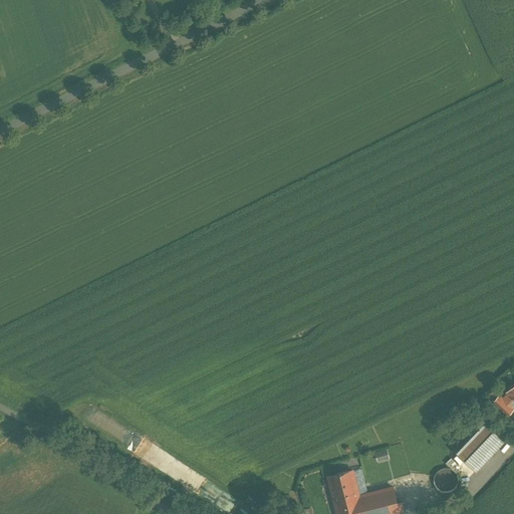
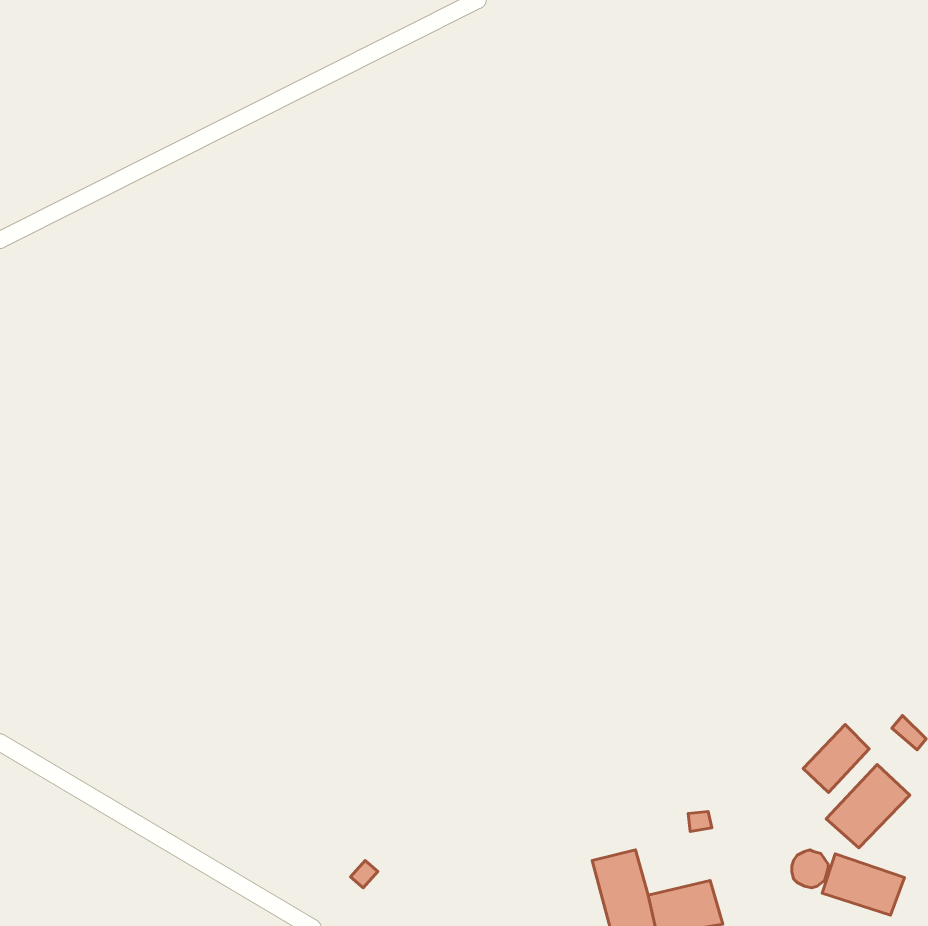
building: none -> [803,725,869,793]
building: none -> [822,854,904,915]

